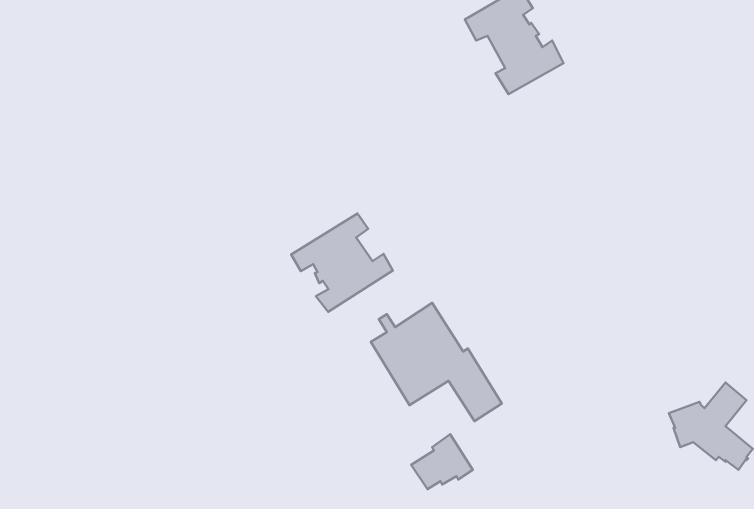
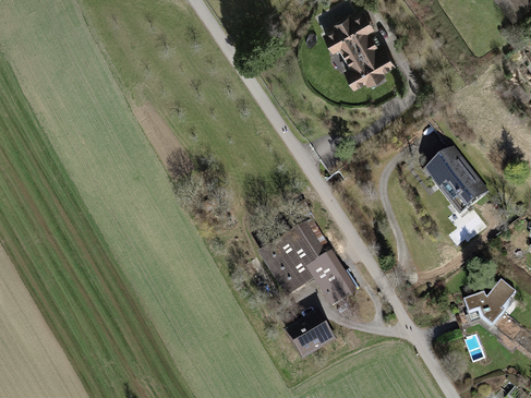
building: none -> [431,146,486,203]
building: [291,213,393,312] -> none

